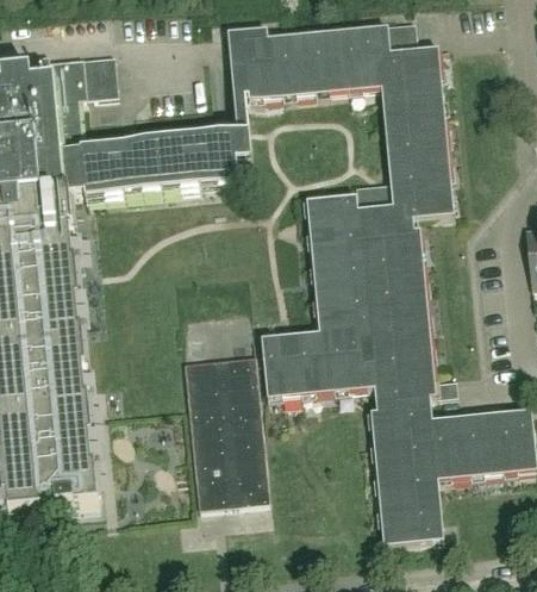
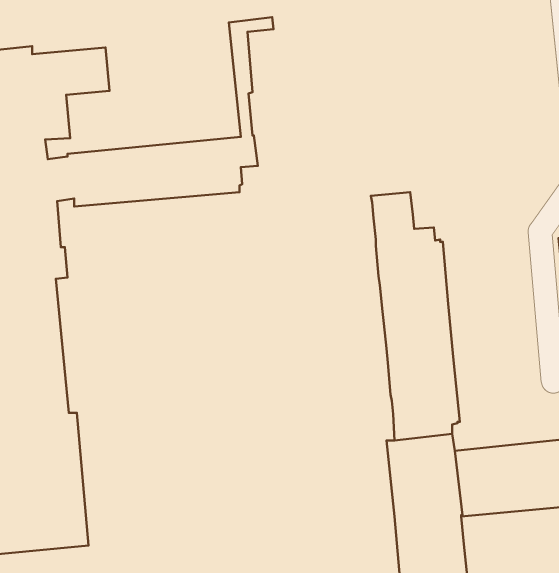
building: [243,17,454,217] -> none
building: [262,193,375,394] -> none
building: [183,356,264,515] -> none

